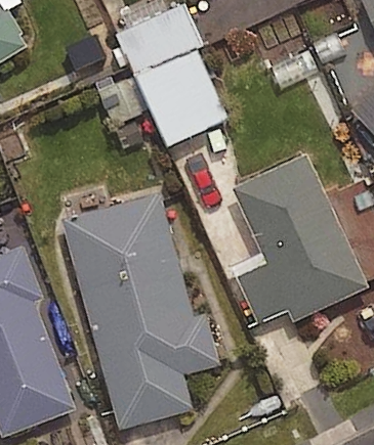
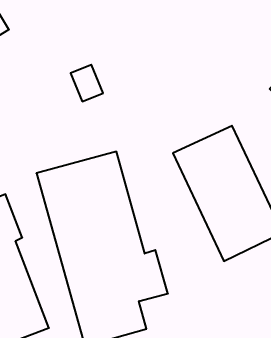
building: [120,10,230,151] -> none

